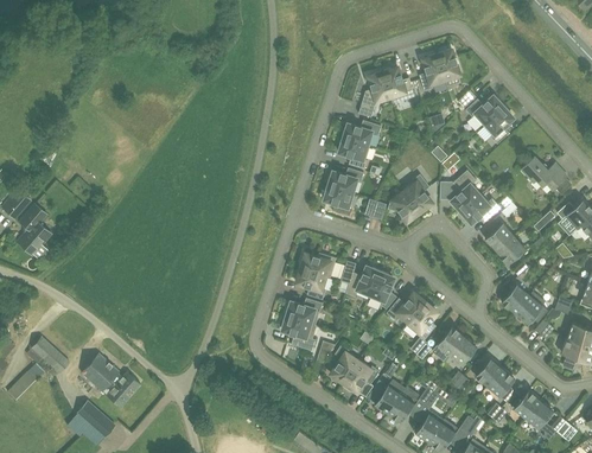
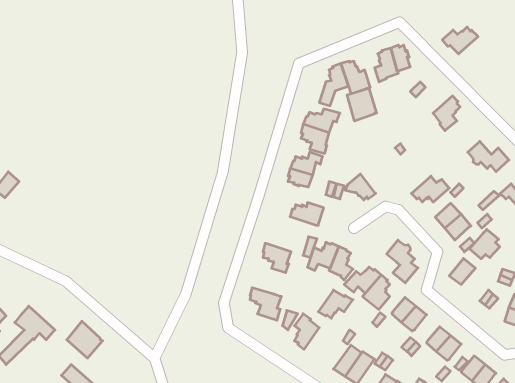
building: [465,95,504,125] -> [442,27,478,54]
building: none -> [347,88,377,121]
building: [452,168,478,212] -> none
building: [402,173,431,212] -> none
building: [18,204,50,254] -> none
building: [299,251,336,276] -> [290,203,324,225]
building: none -> [387,240,418,283]
building: [514,291,547,323] -> [469,229,500,259]
building: [285,298,323,325] -> none
building: [342,359,380,390] -> [318,290,353,318]
building: [104,371,140,407] -> none

